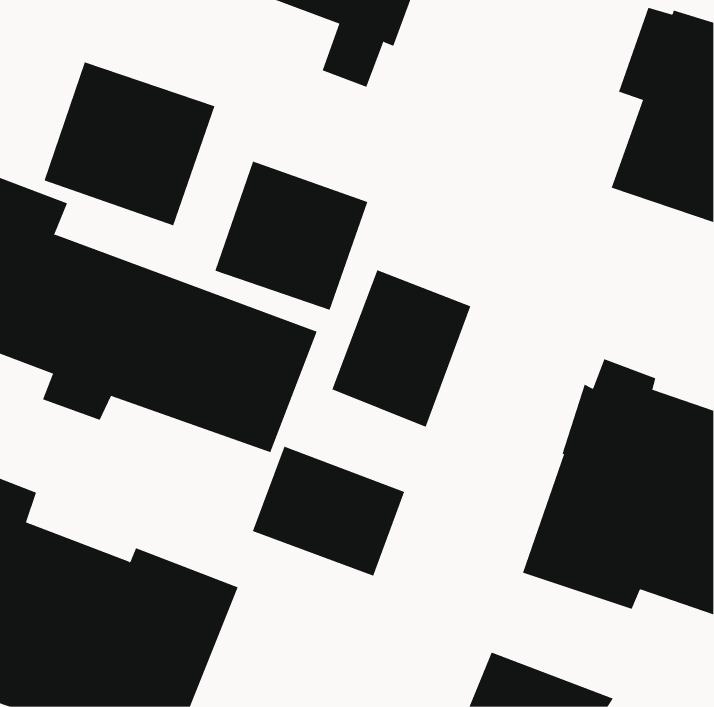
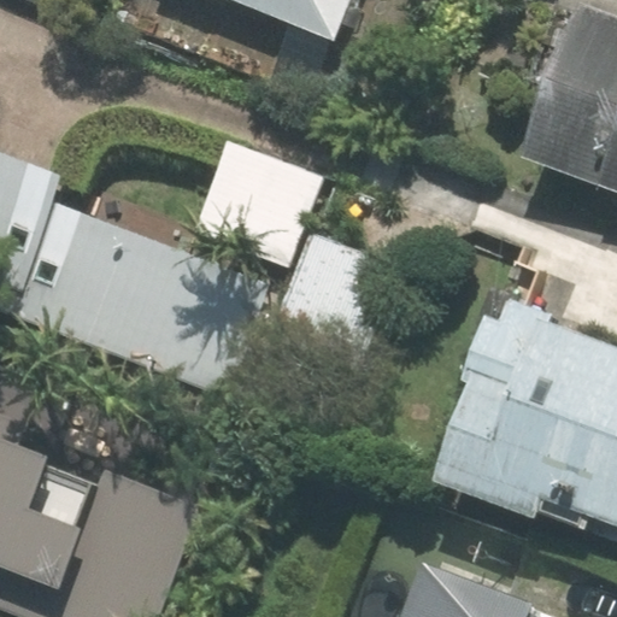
building: [44,61,215,226] -> none
building: [252,446,405,576] -> none

